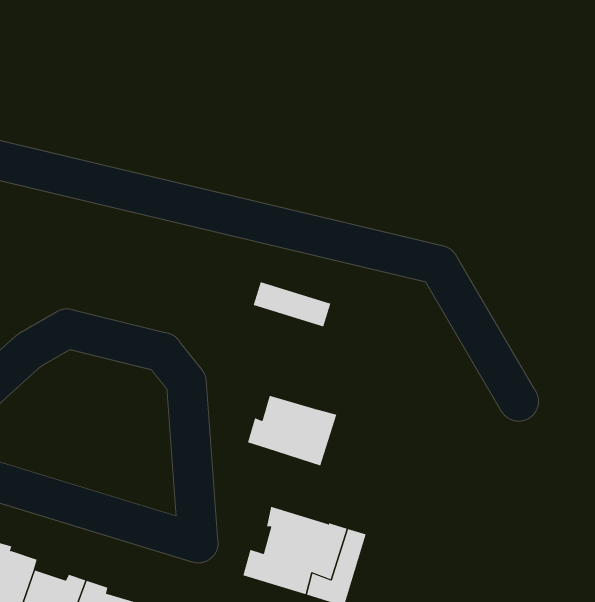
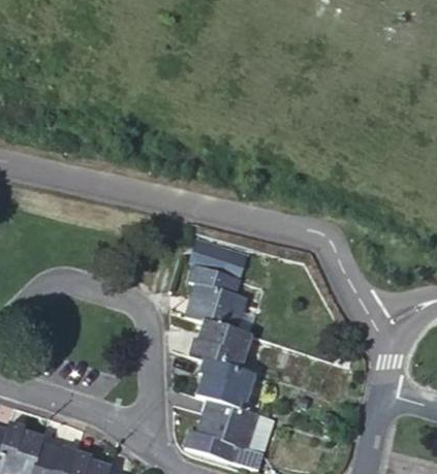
building: none -> [187,265,246,333]
building: none -> [196,360,256,413]

